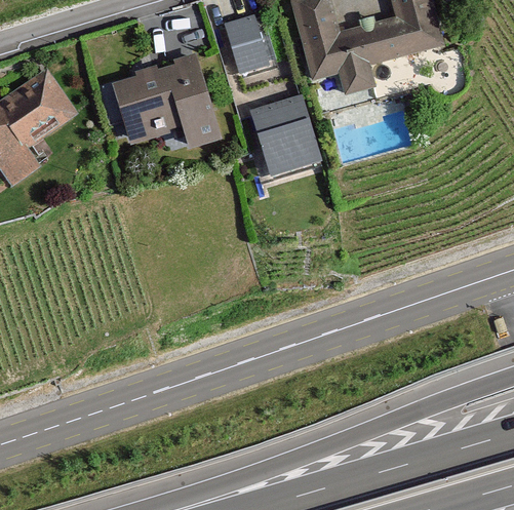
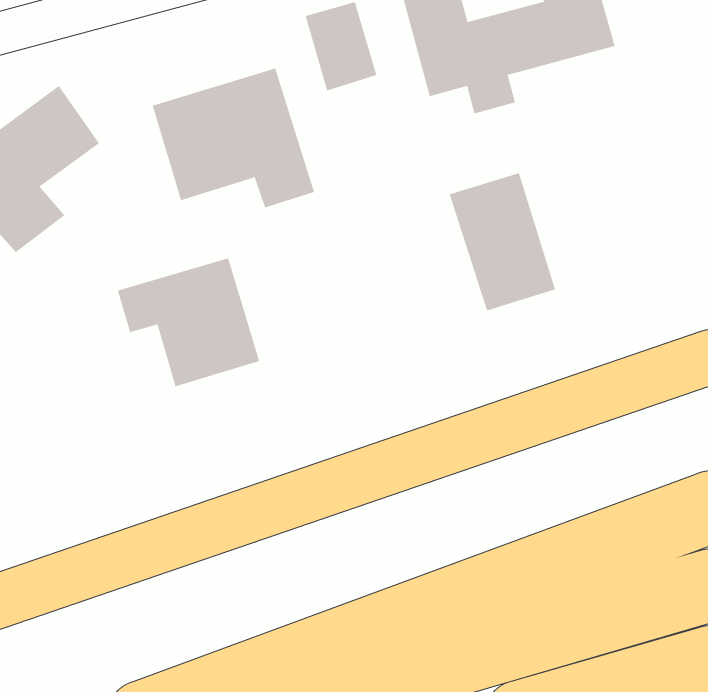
building: [243,77,319,175] -> [449,173,556,311]
building: none -> [117,258,260,387]

